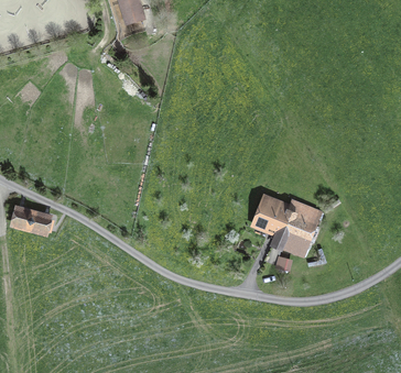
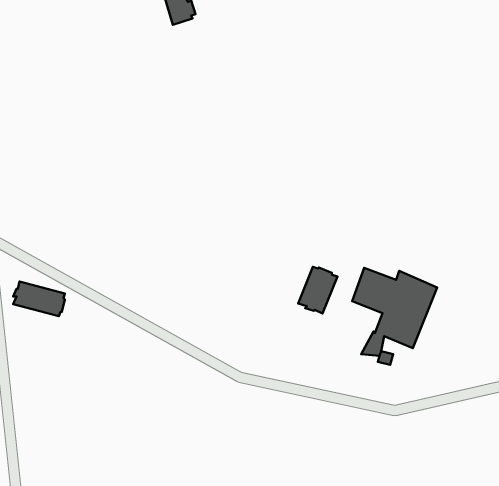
building: none -> [298,267,337,313]

